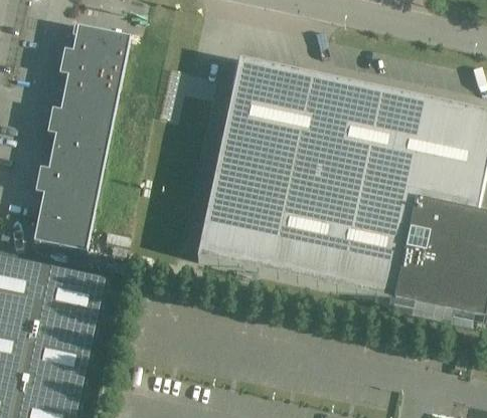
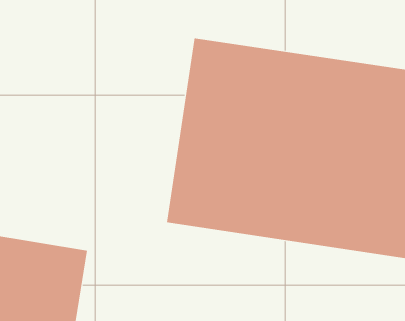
building: [33,22,130,248] -> none

